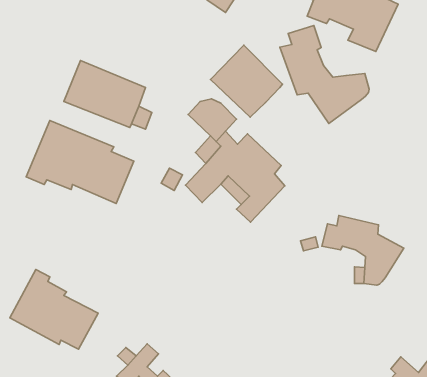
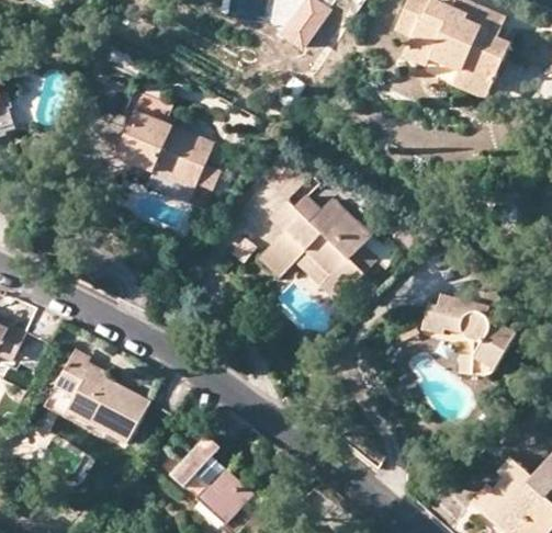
building: [280,25,369,124] -> none
building: [211,45,283,117] -> none
building: [26,121,134,204] -> none

